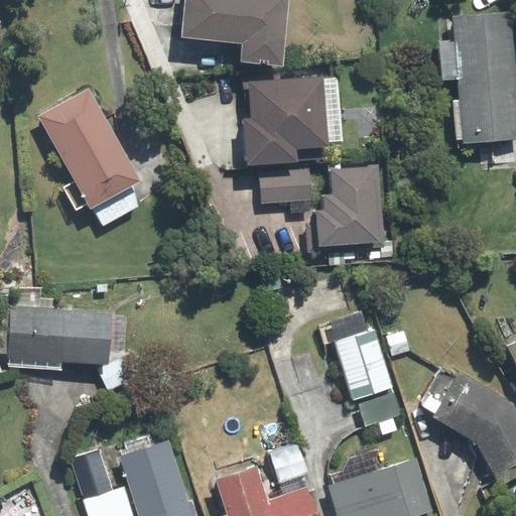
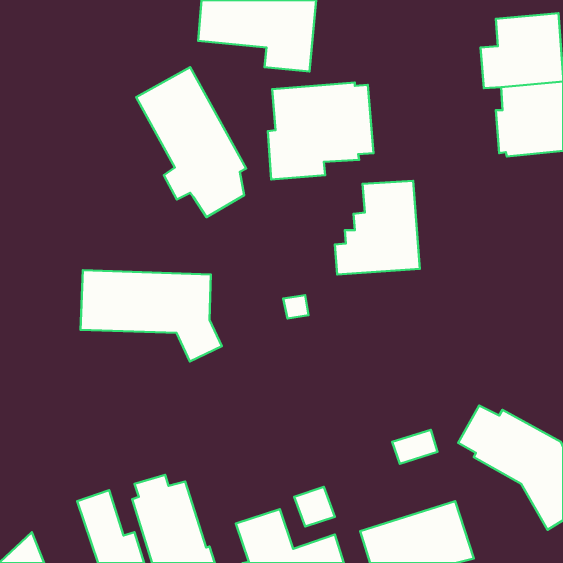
building: [39,89,140,226] -> [136,67,246,217]
building: [259,166,310,204] -> none
building: [8,307,137,391] -> [81,270,222,362]
building: [318,311,393,399] -> none

